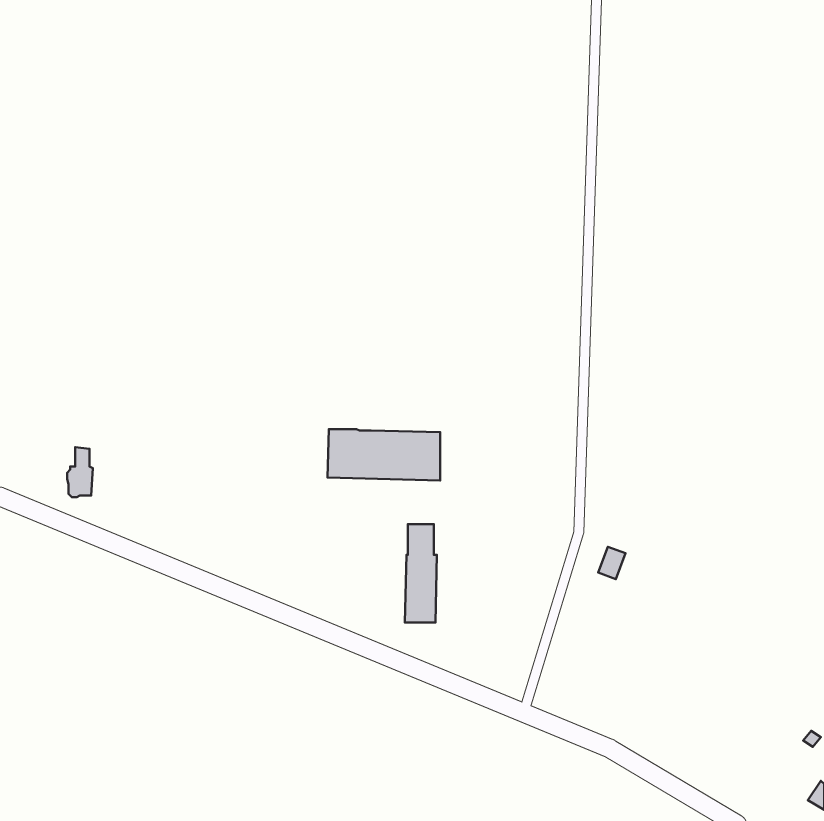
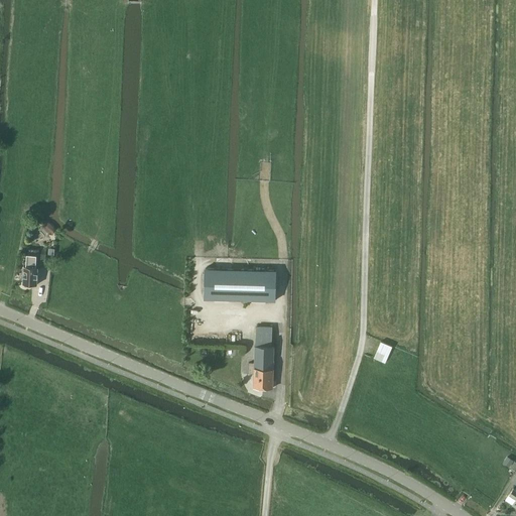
building: [67,447,93,497] -> [22,256,38,287]

